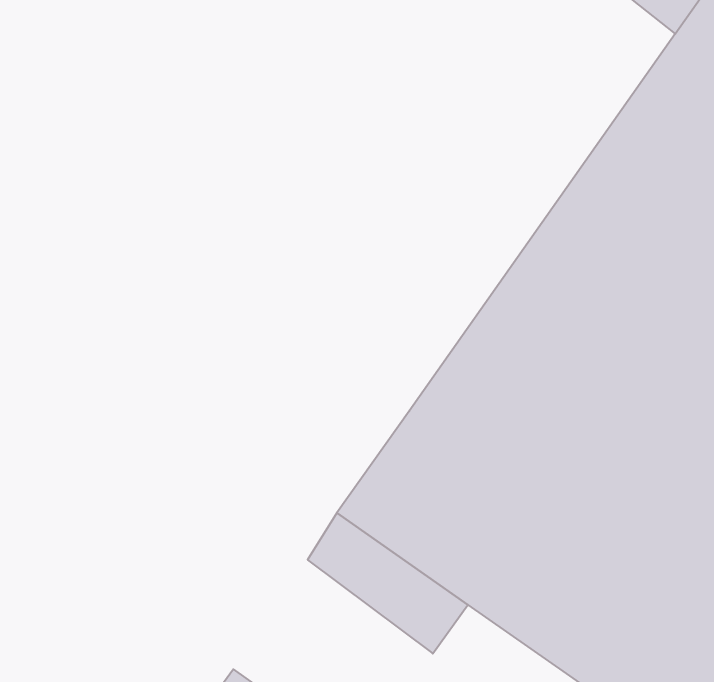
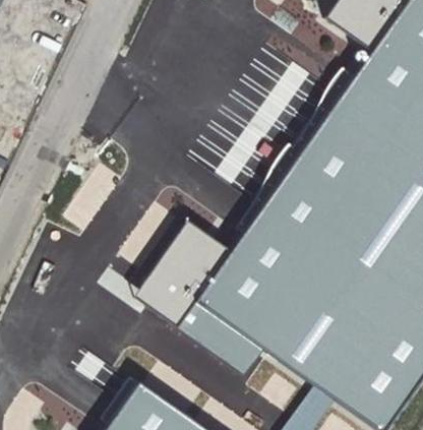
building: none -> [138,220,234,326]

